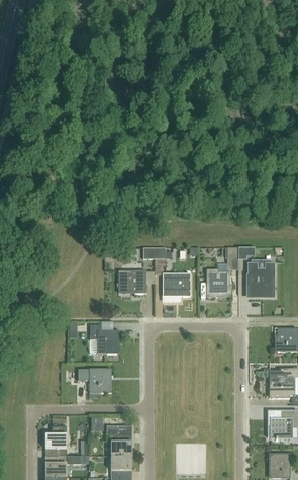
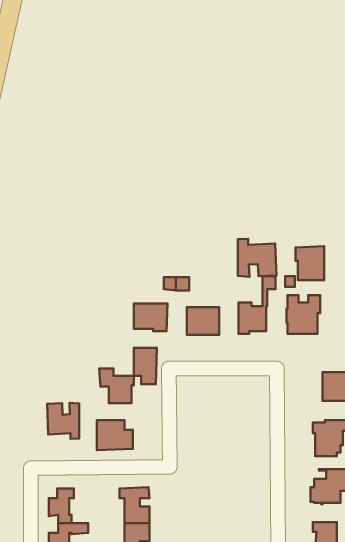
building: none -> [238,239,276,277]
building: none -> [295,246,324,280]
building: none -> [134,348,157,384]
building: none -> [47,403,79,439]

